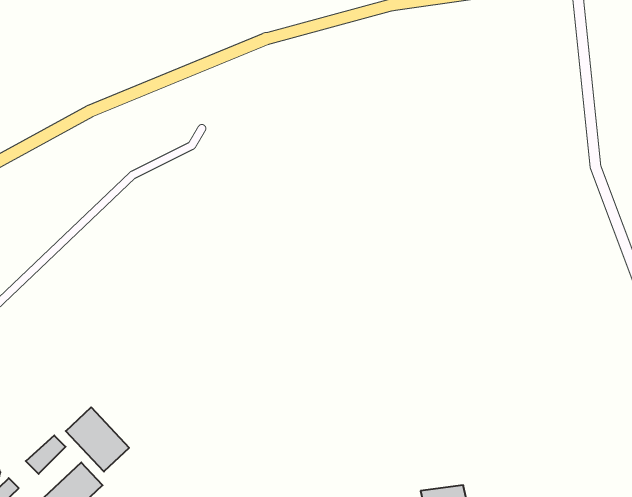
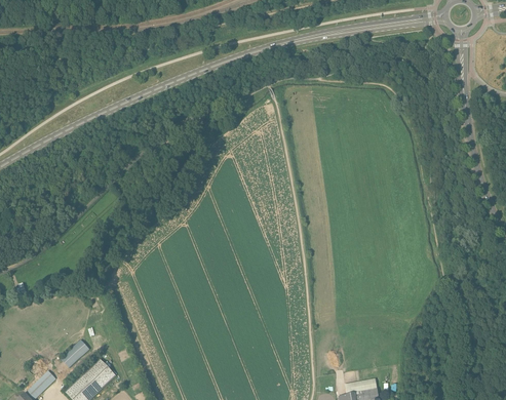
building: [66,407,129,472] -> none

